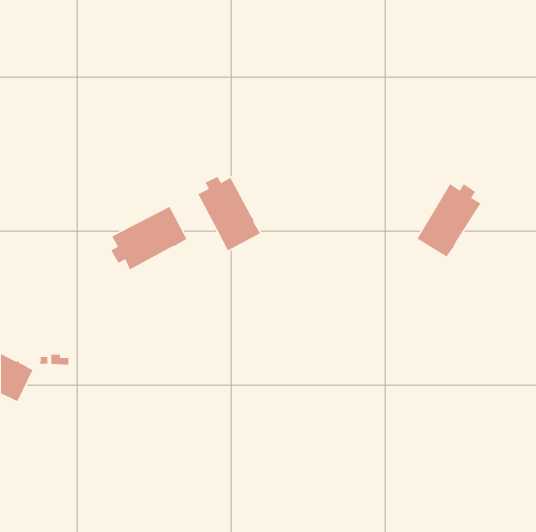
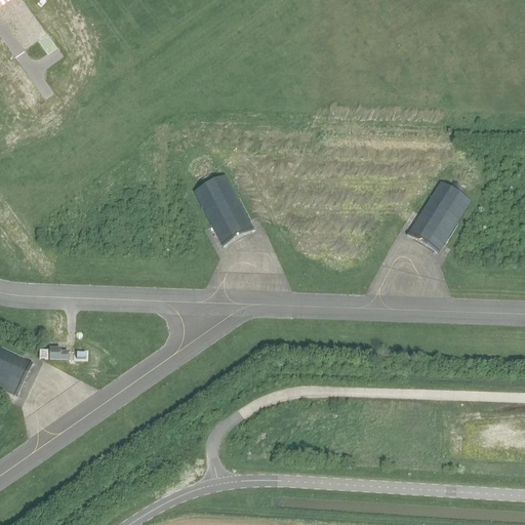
building: [110,206,187,270] -> none

